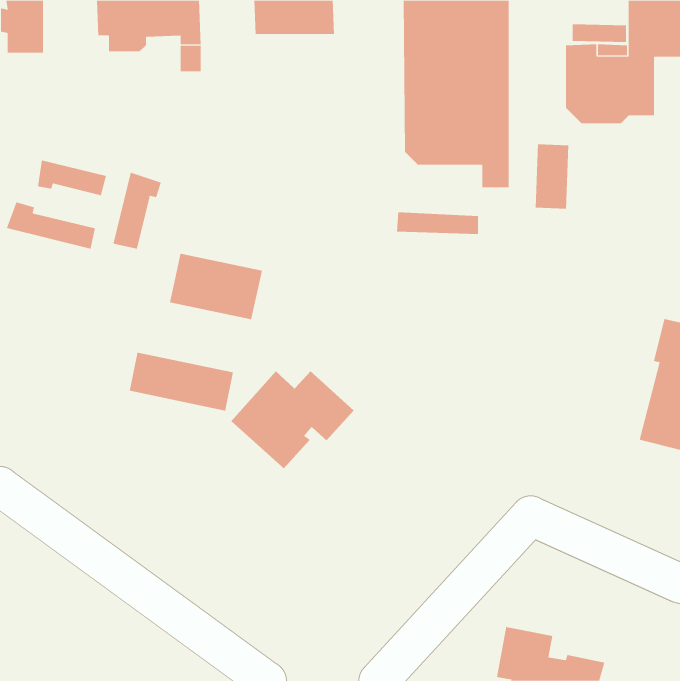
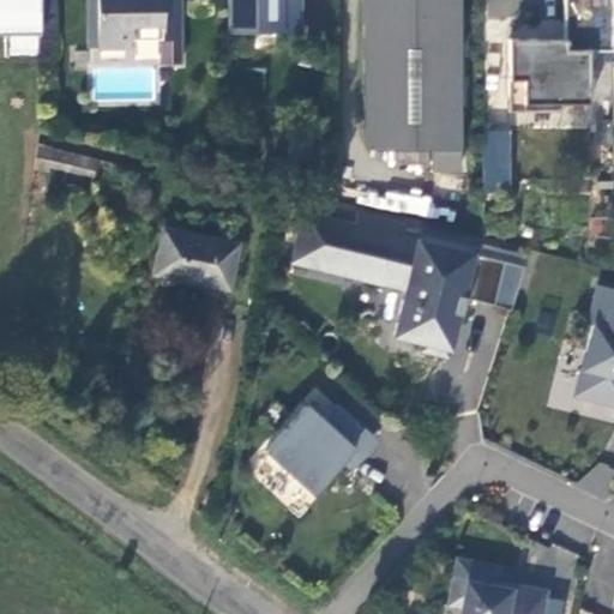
building: [113,172,161,250] -> none
building: [6,201,96,249] -> none
building: none -> [291,213,525,357]
building: [129,352,233,411] -> none
building: [230,371,354,469] -> [265,407,377,495]

